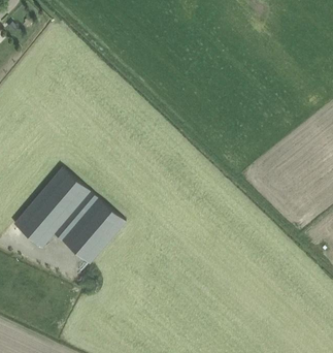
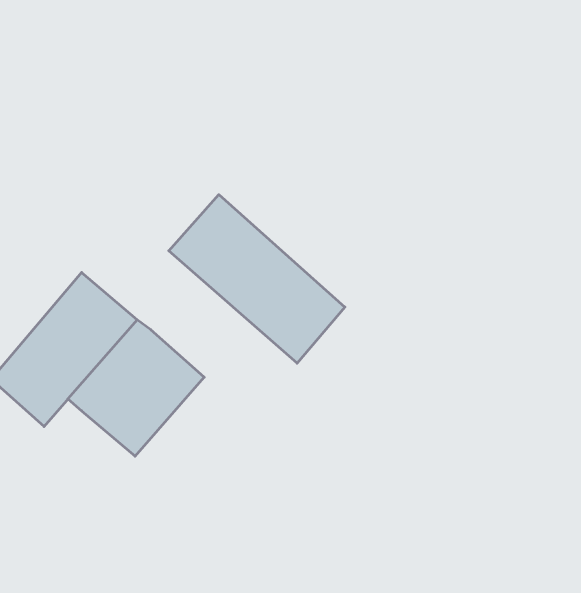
building: none -> [169,195,345,363]

